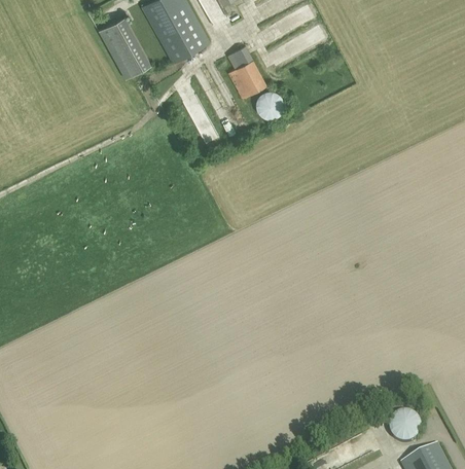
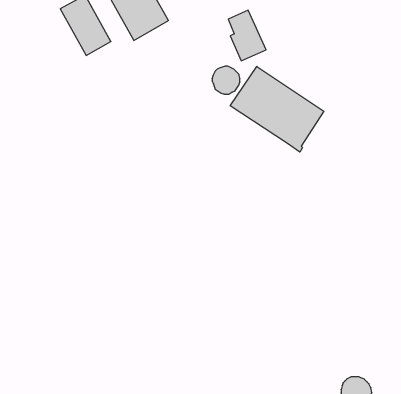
building: [227,45,266,98] -> [228,10,266,61]
building: none -> [230,66,324,152]

